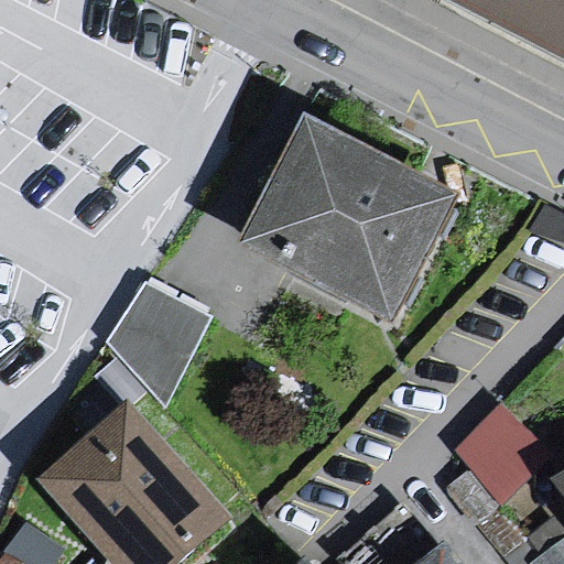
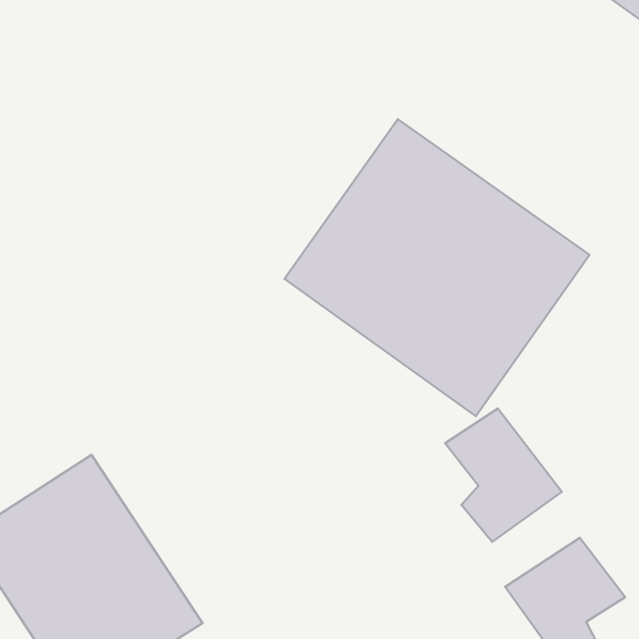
building: [98,278,204,401] -> none
building: none -> [445,409,562,542]

